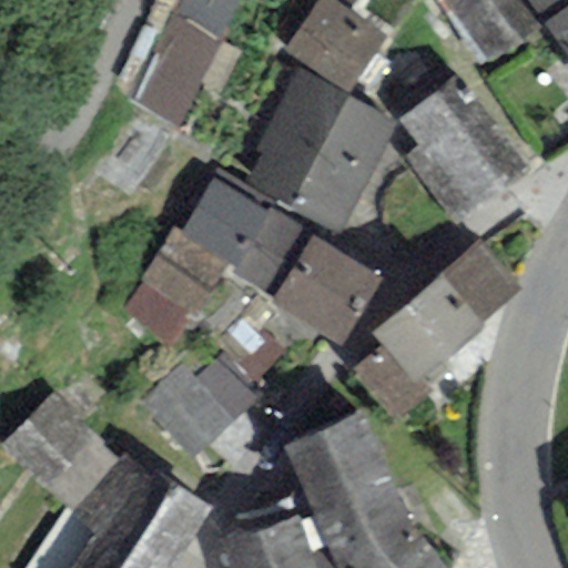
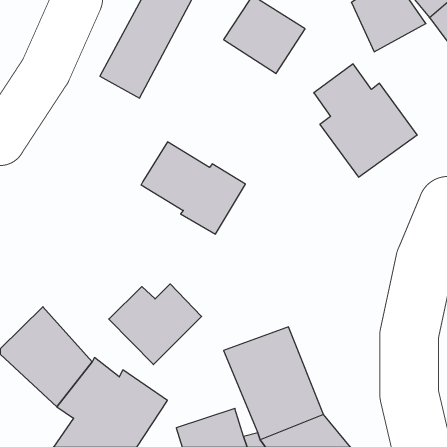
building: [248,70,396,230] -> none
building: [125,224,227,337] -> none
building: [272,233,384,345] -> none
building: [352,240,520,423] -> none

